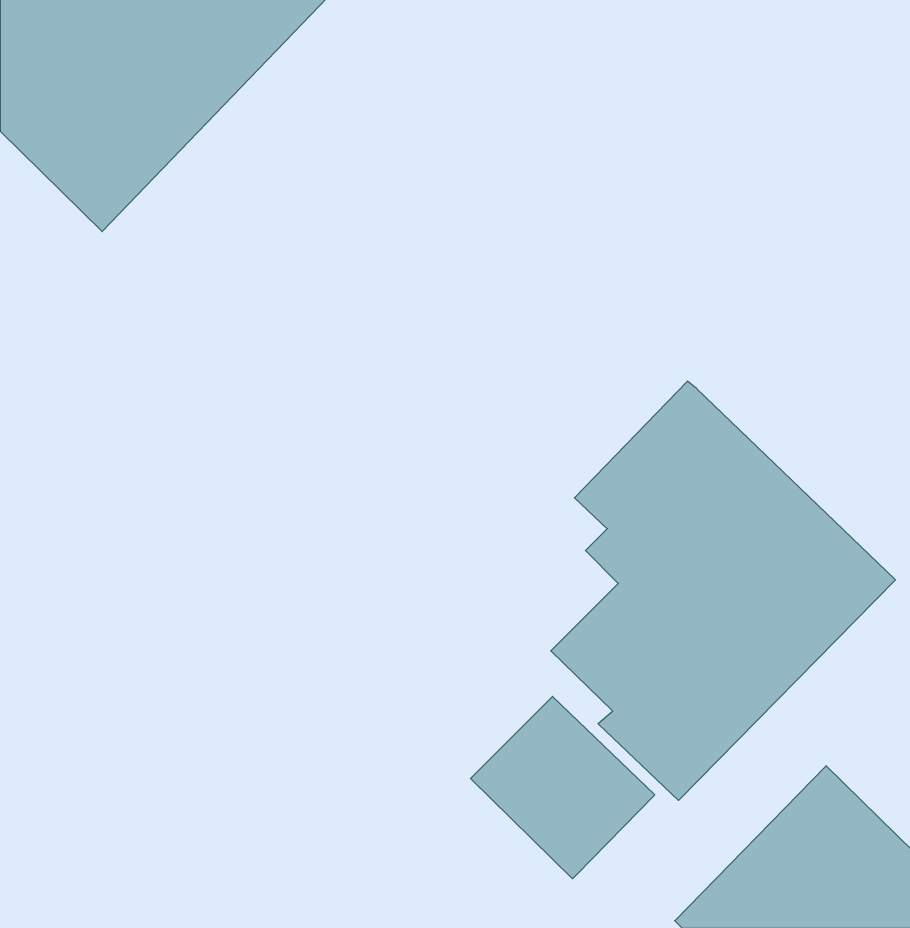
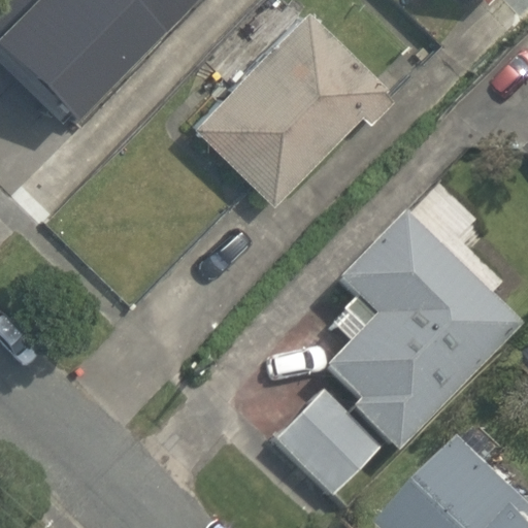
building: none -> [193,10,396,203]

